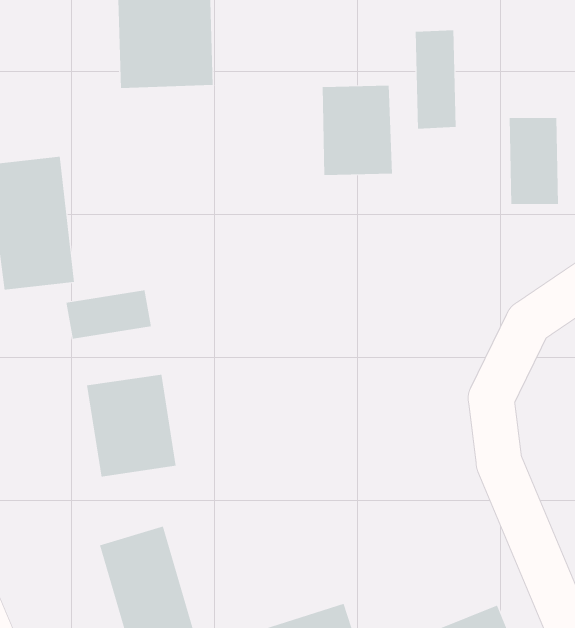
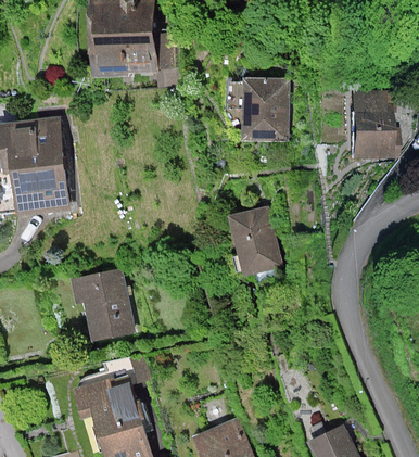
building: [415,29,456,129] -> none
building: none -> [236,210,279,278]
building: [66,290,152,339] -> none

